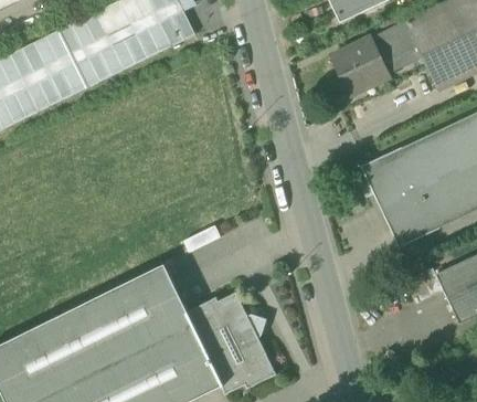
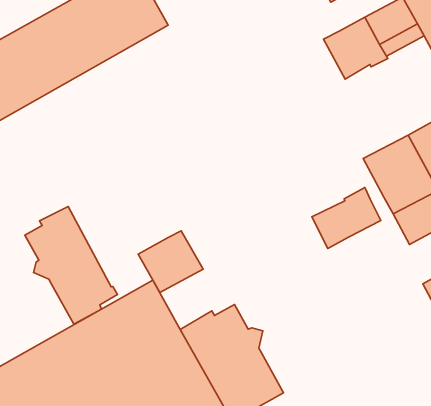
building: none -> [312,188,381,248]
building: none -> [25,207,118,324]
building: none -> [138,231,203,293]

